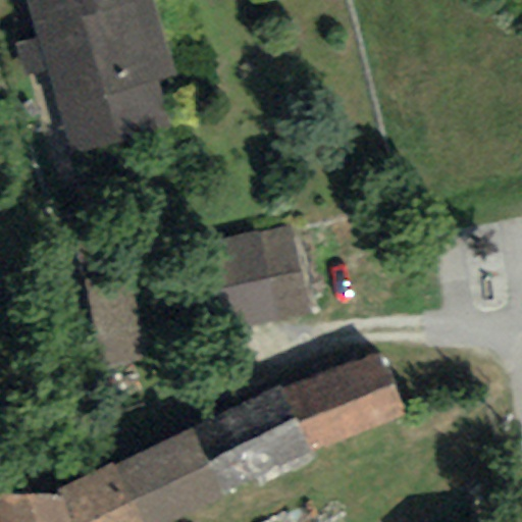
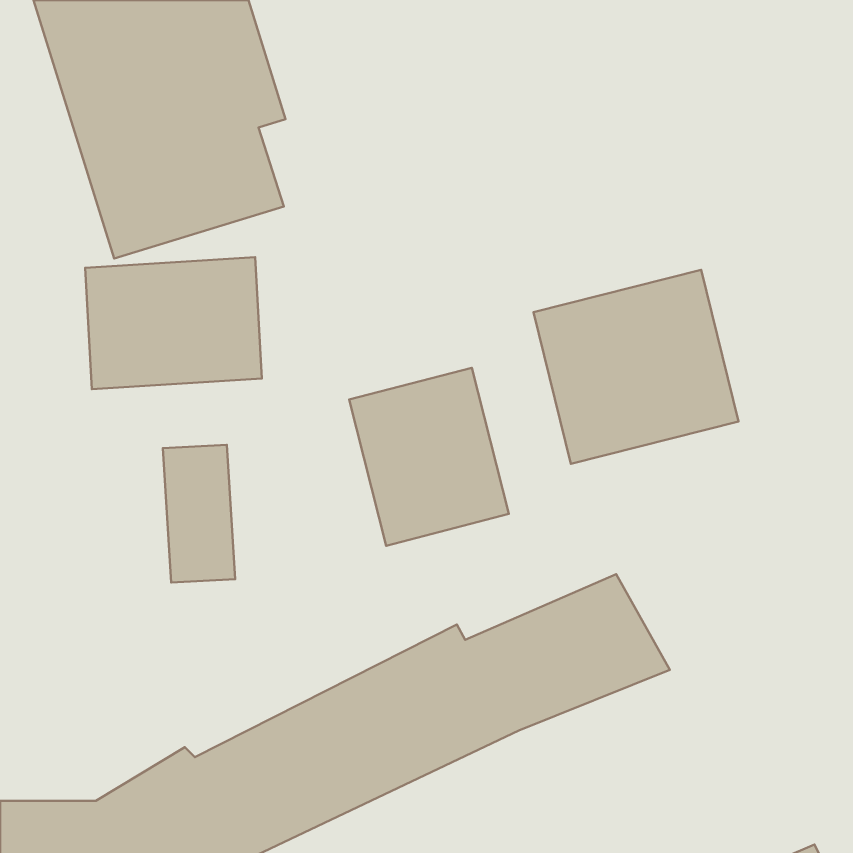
building: none -> [85,257,262,389]
building: none -> [534,270,738,464]

